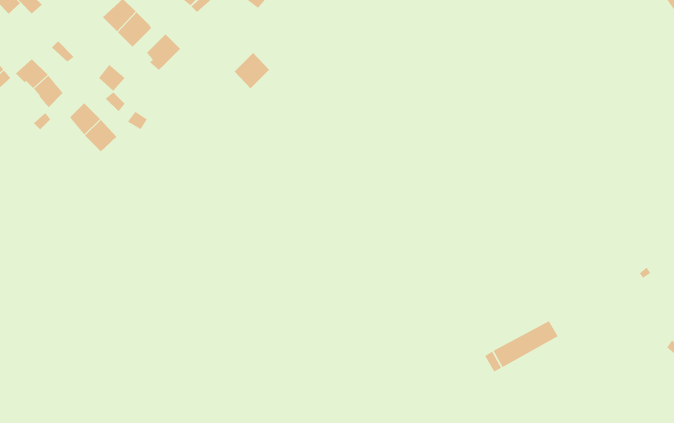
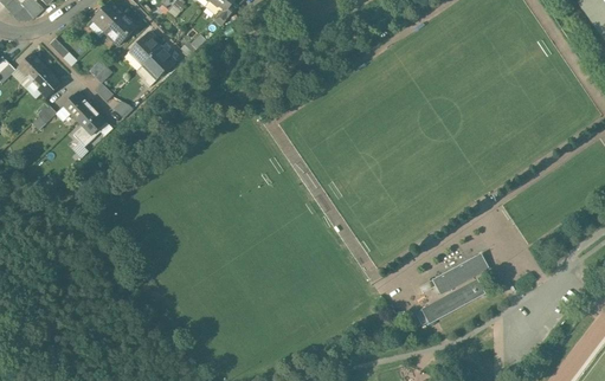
building: [234,52,270,89] -> [143,45,174,77]
building: none -> [431,252,488,293]

